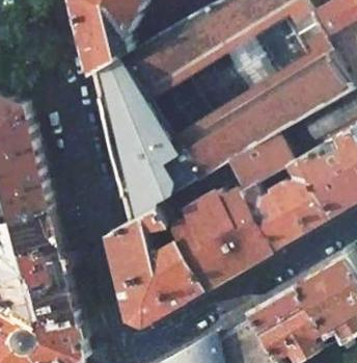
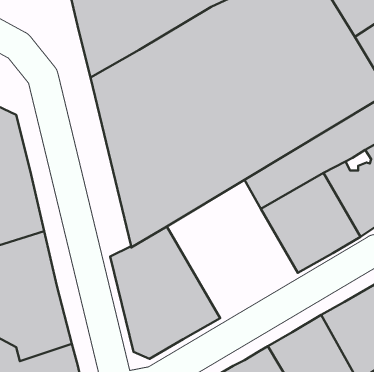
building: [156,167,273,291] -> none

